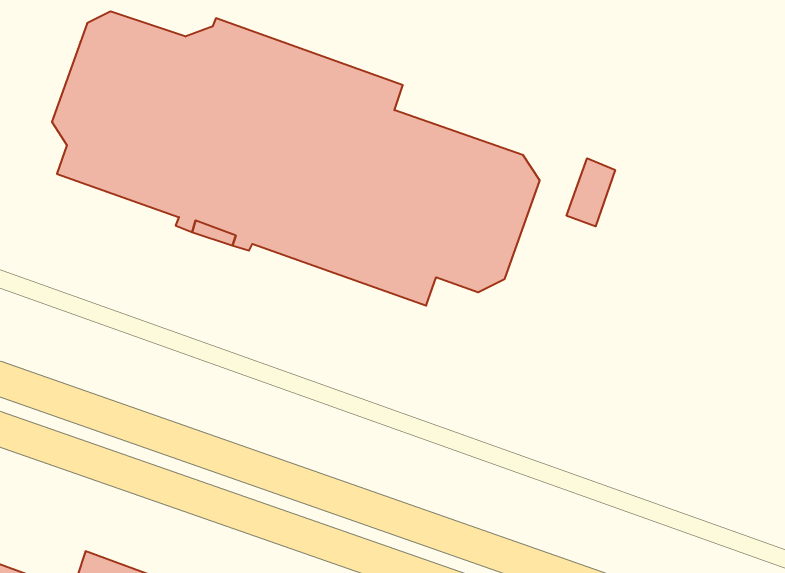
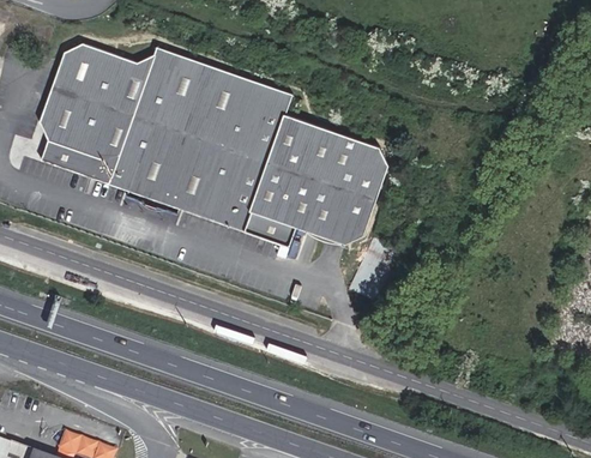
building: [567,158,615,226] -> none

